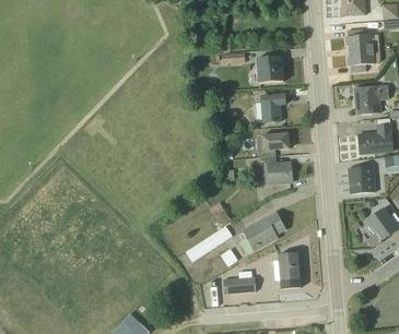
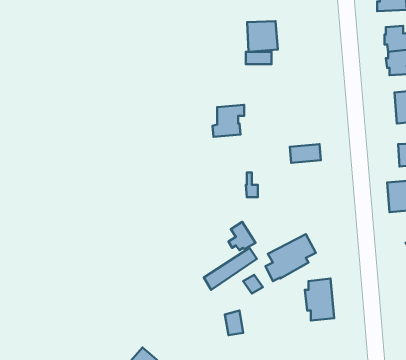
building: [257,56,284,83] -> [247,21,278,52]
building: [257,94,285,122] -> [212,105,244,137]
building: [258,154,292,184] -> none
building: [224,276,257,294] -> none

